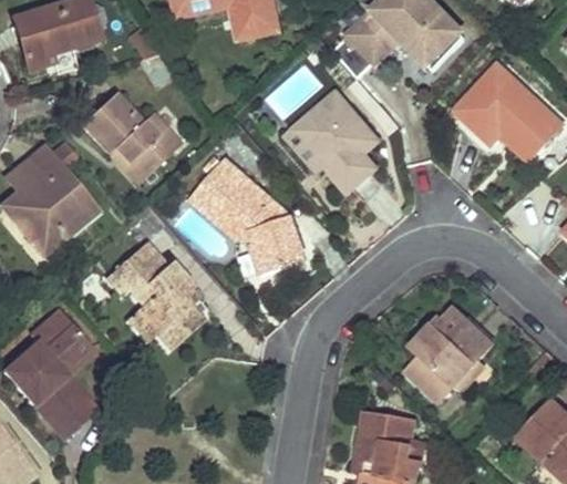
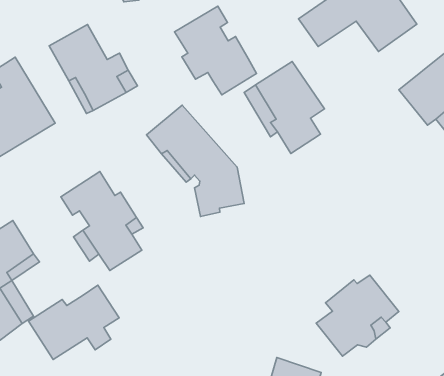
building: none -> [175,6,257,95]
building: none -> [28,285,119,359]

